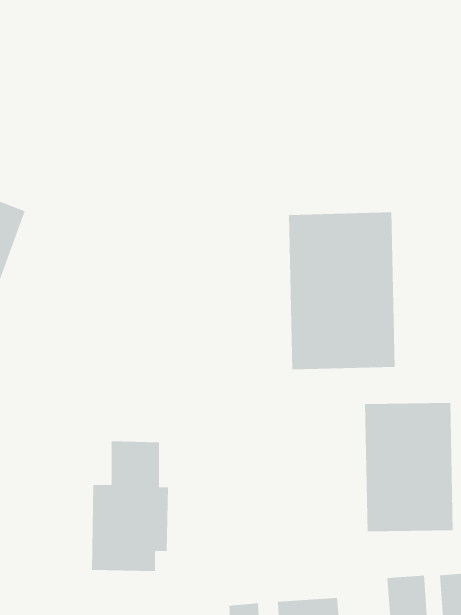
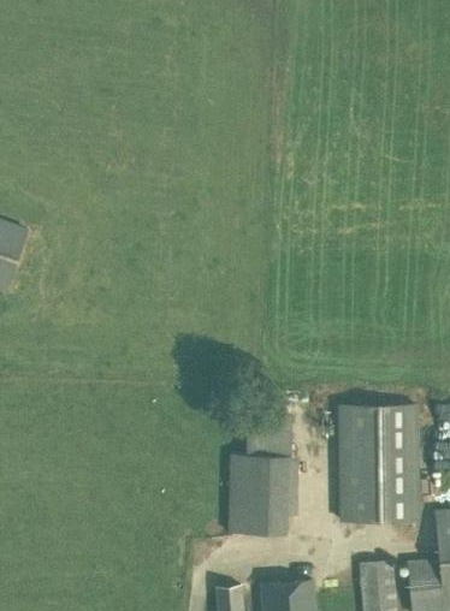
building: [289,212,395,370] -> none
building: [91,441,169,571] -> [229,415,300,534]

